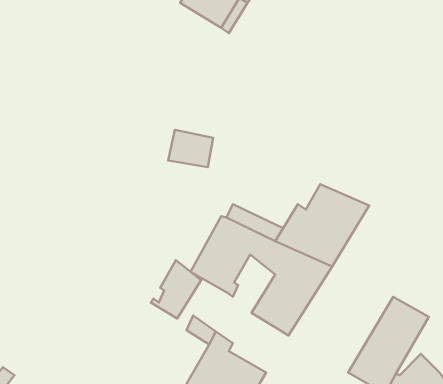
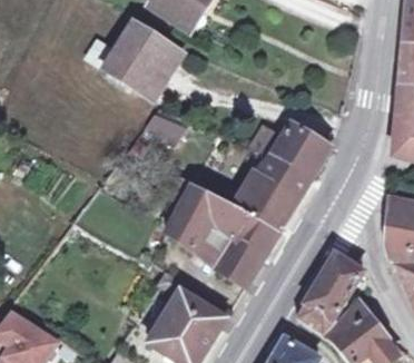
building: none -> [106,17,176,90]
building: none -> [253,128,329,175]
building: [151,260,201,318] -> [190,216,233,265]

